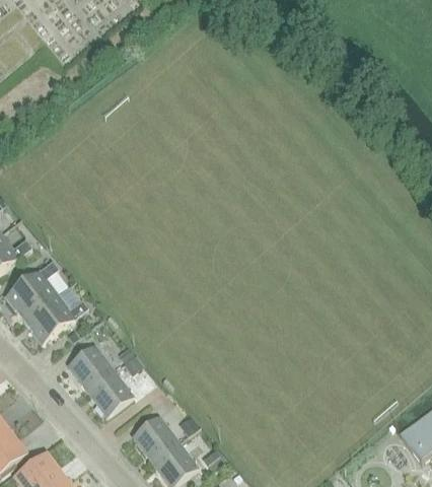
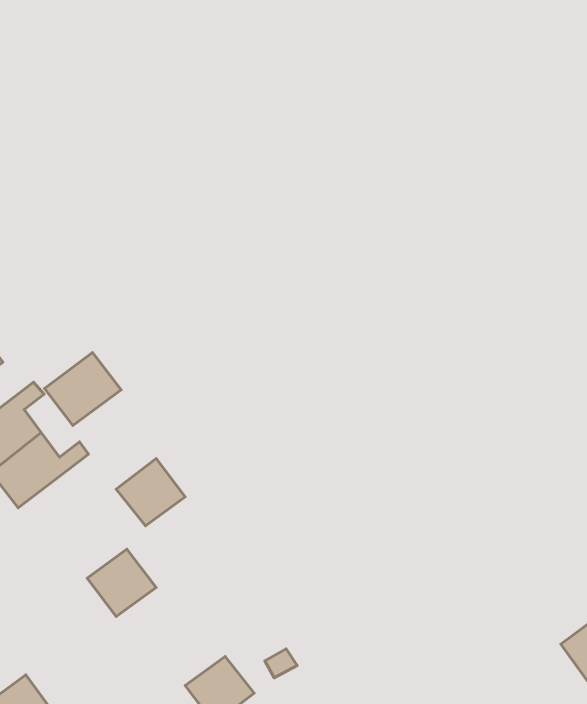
building: none -> [44,353,121,426]
building: [68,345,114,390] -> [116,459,185,526]
building: [133,416,178,461] -> none

